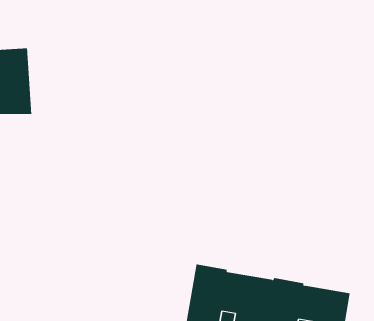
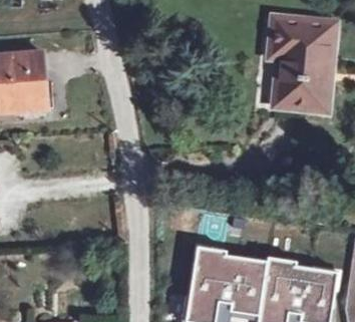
building: none -> [270,23,334,106]

